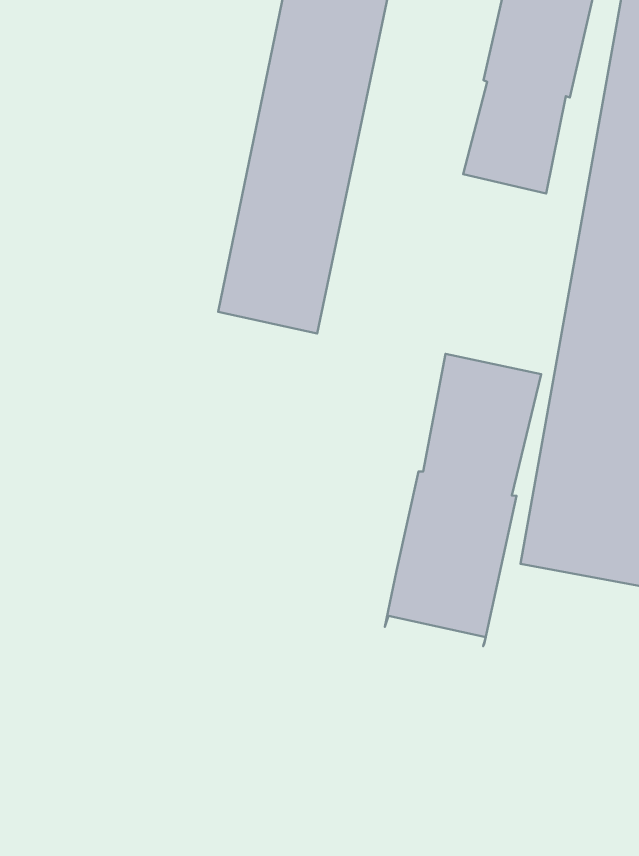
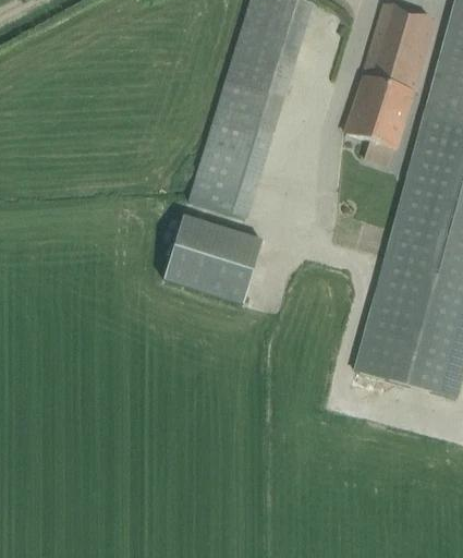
building: none -> [163,215,263,302]
building: [385,354,541,646] -> none

